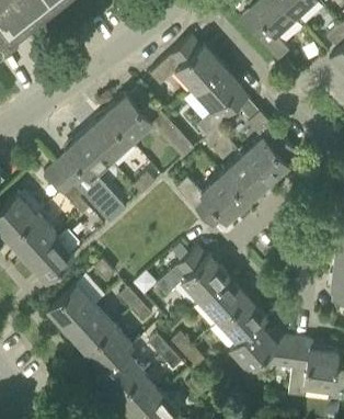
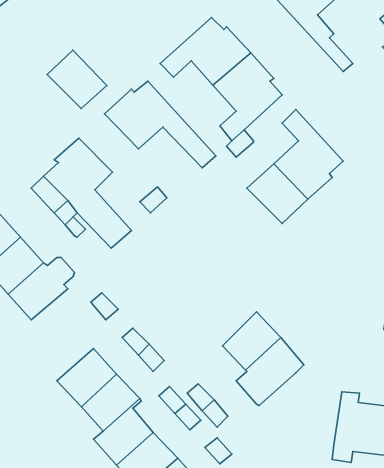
building: [84,116,133,163] -> [47,50,107,108]
building: [176,177,249,230] -> none
building: [157,249,228,304] -> none
building: [48,284,96,332] -> none
building: [230,326,297,384] -> none

